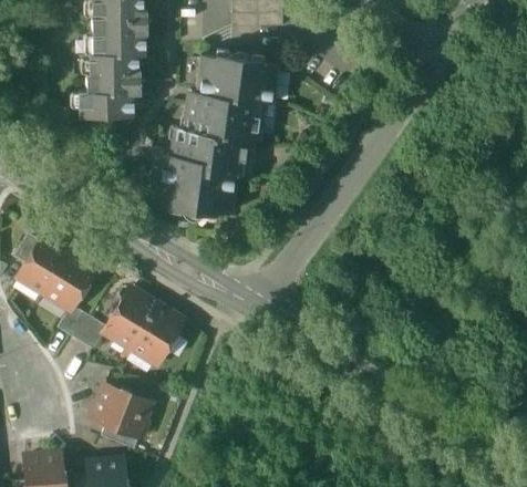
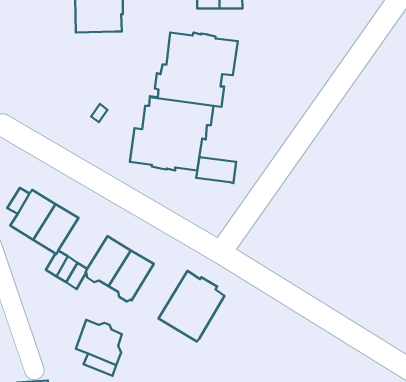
building: [79,54,141,117] -> none
building: none -> [196,157,236,183]
building: none -> [158,271,225,342]

